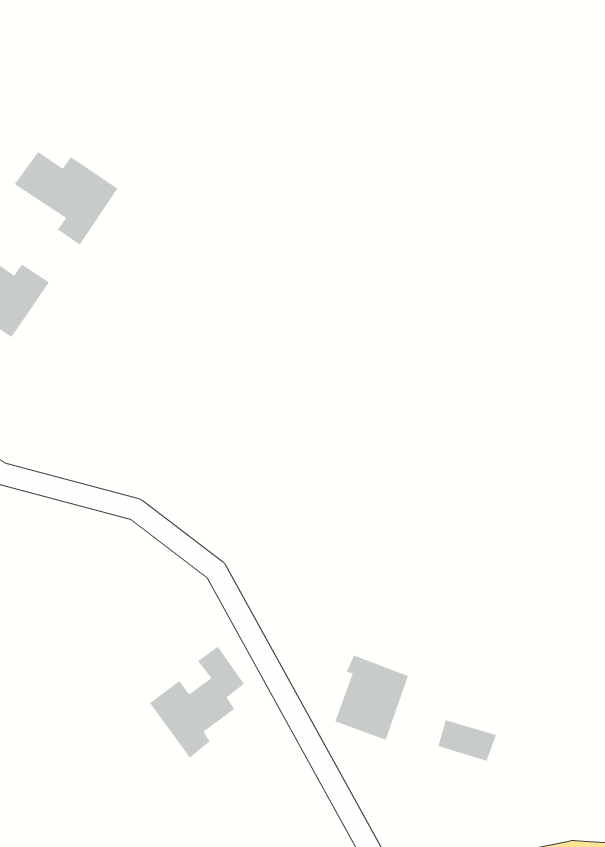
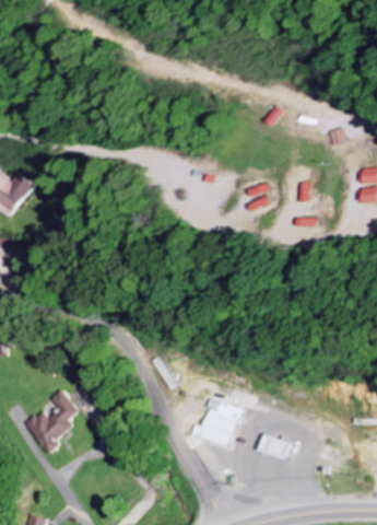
building: [14,151,118,245] -> none
building: [149,646,245,758] -> [22,389,76,454]

